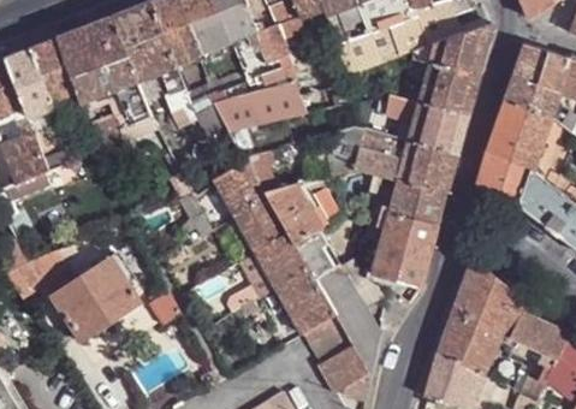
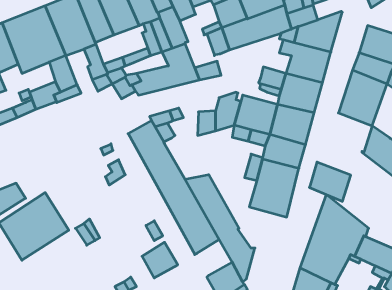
building: [476,154,529,204] -> [309,162,351,201]
building: [263,185,323,239] -> none
building: [304,316,350,362] -> [142,242,178,278]

